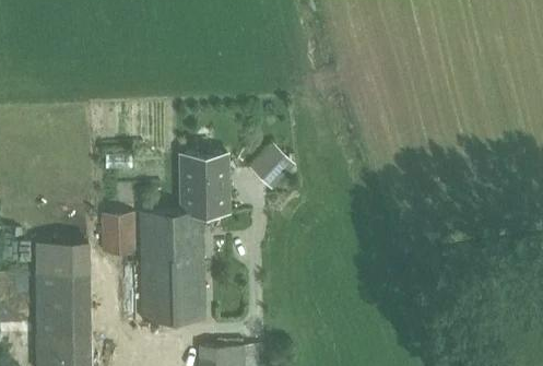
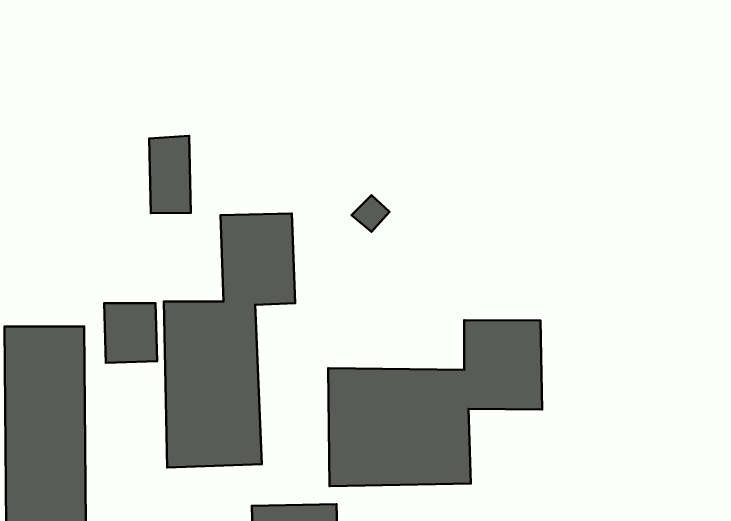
building: none -> [149,136,191,213]
building: none -> [328,320,542,486]

